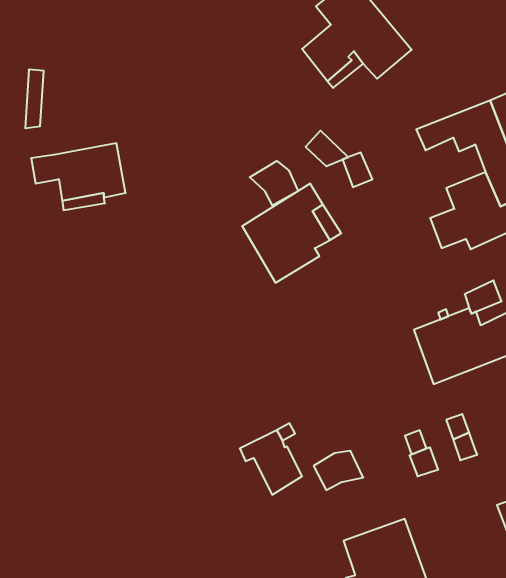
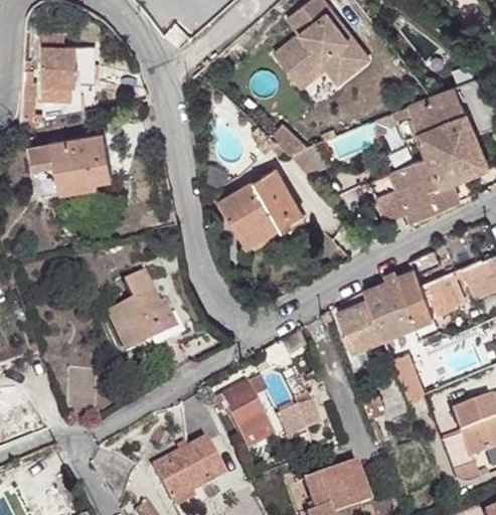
building: none -> [42,35,96,97]
building: [250,161,298,206] -> none
building: none -> [108,269,186,350]
building: none -> [335,304,382,354]
building: none -> [150,440,222,501]

